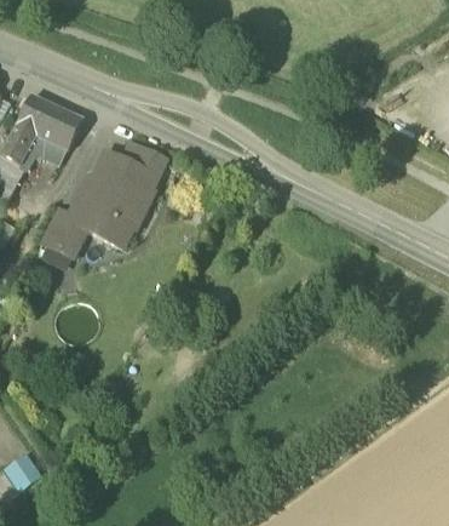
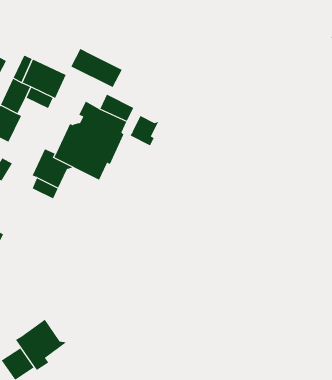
building: none -> [71,48,123,88]
building: none -> [130,115,159,146]
building: none -> [15,319,68,371]

